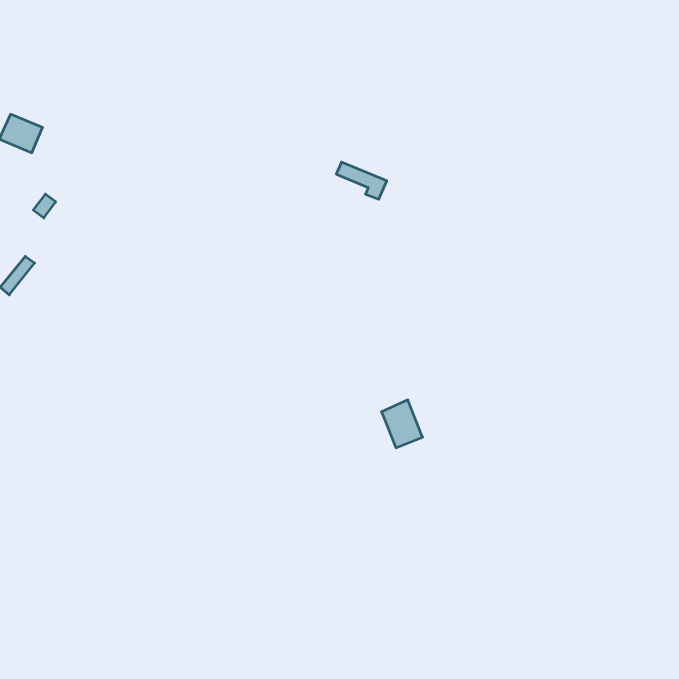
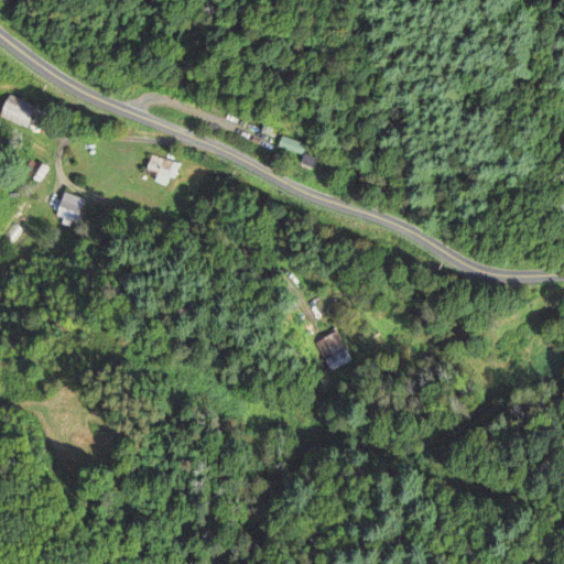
building: none -> [147,155,177,185]
building: none -> [54,191,85,225]

